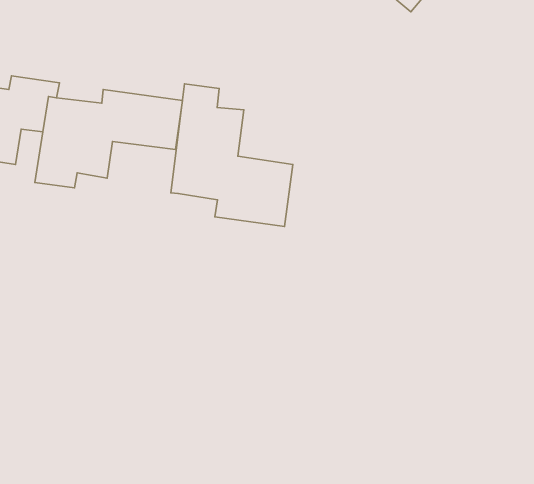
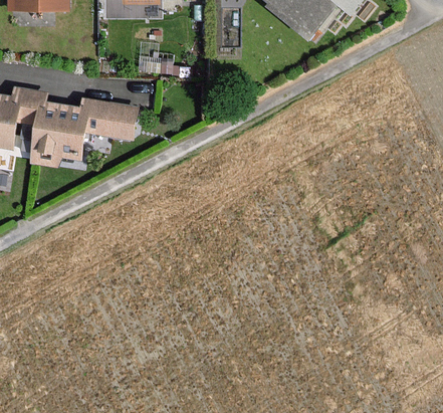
building: [171,84,293,227] -> none

